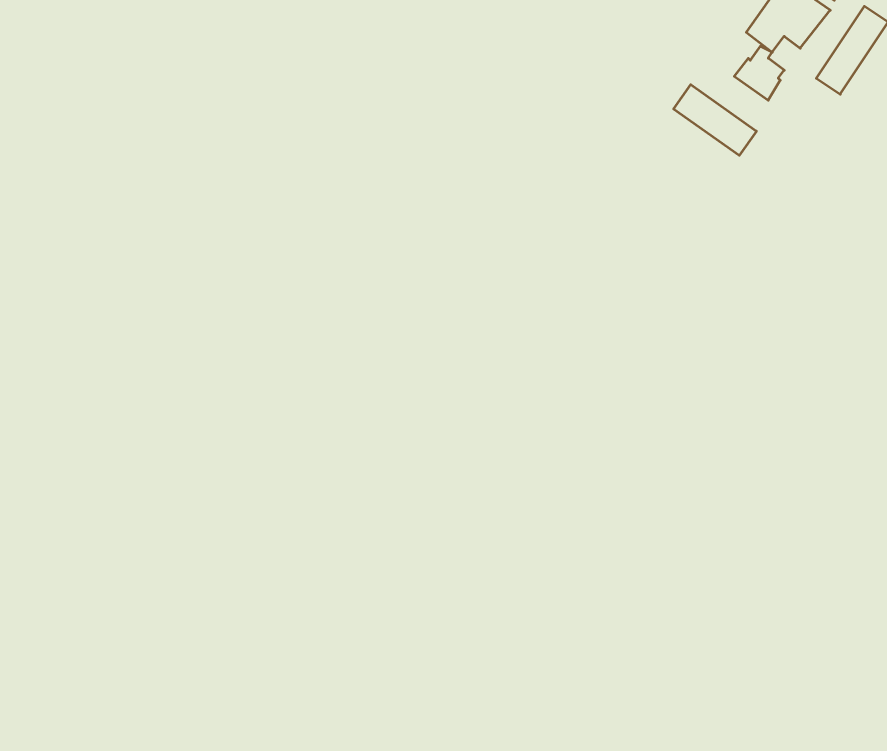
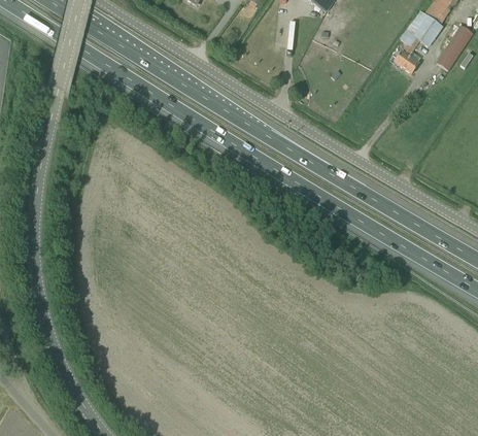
building: [674,85,756,155] -> none

